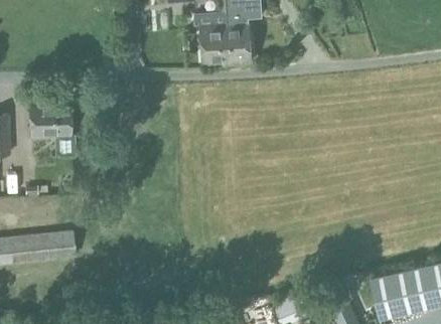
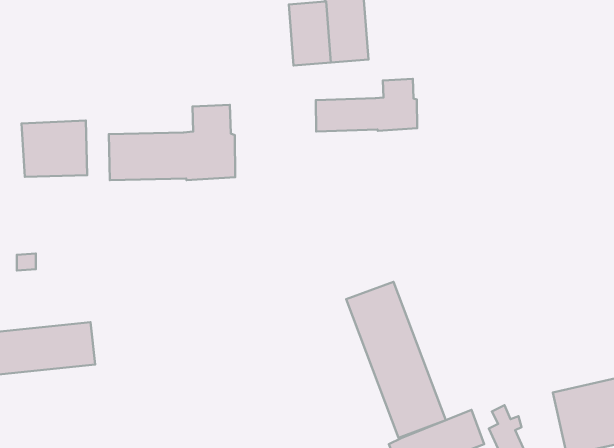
building: none -> [316,79,417,131]
building: none -> [109,105,235,180]
building: none -> [346,282,446,438]

